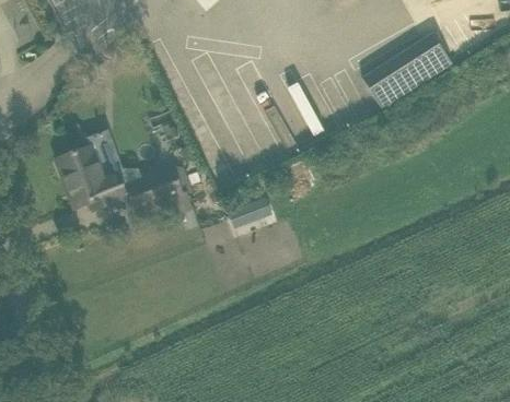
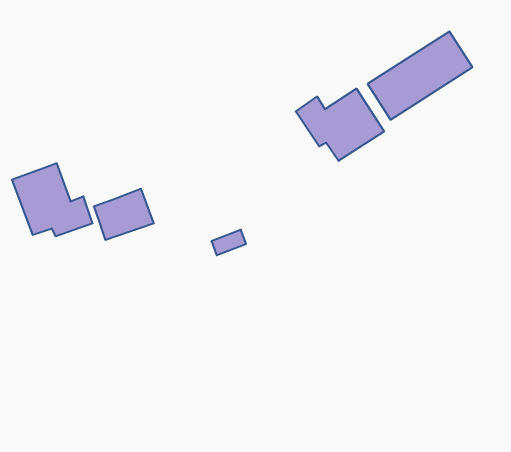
building: none -> [296,89,384,161]

